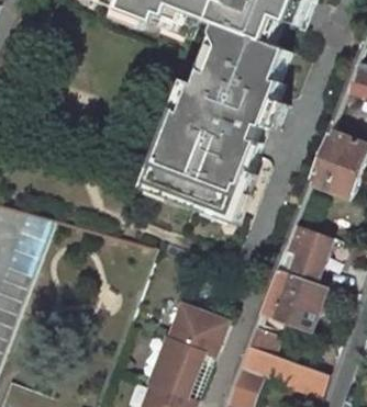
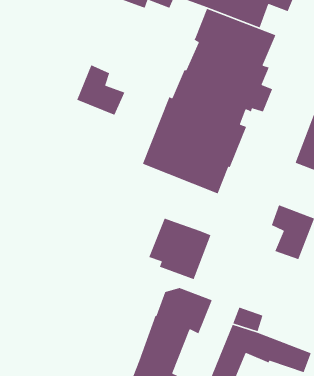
building: none -> [76,64,125,116]
building: [259,267,324,330] -> [148,218,212,280]

